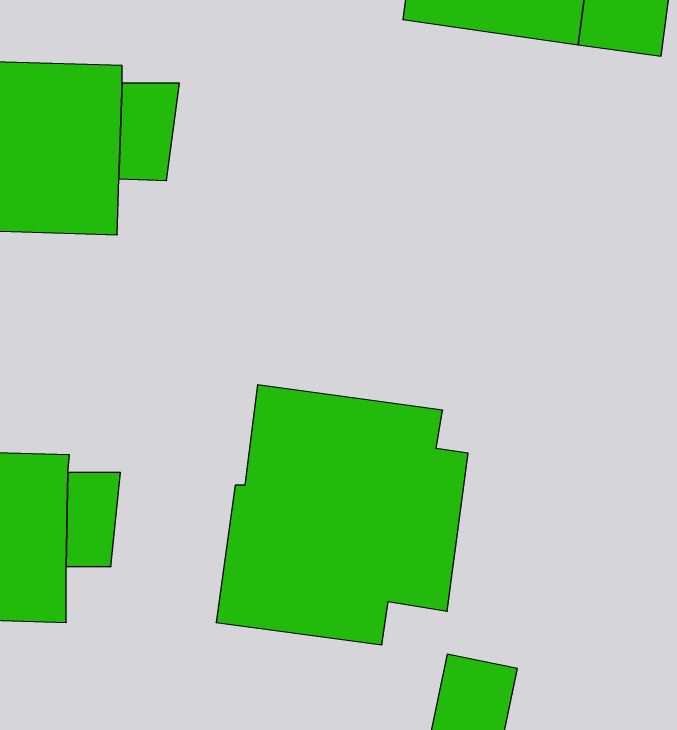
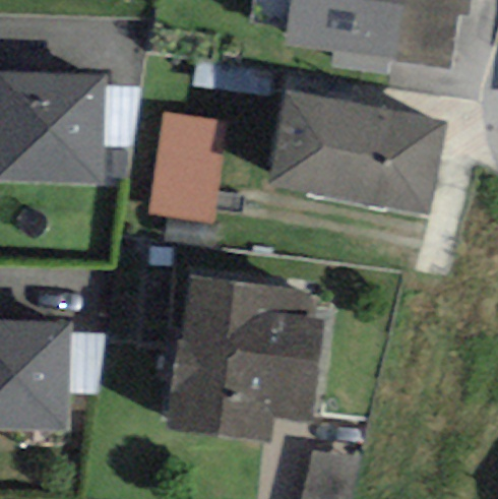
building: none -> [265,89,445,216]
building: none -> [148,111,228,221]

